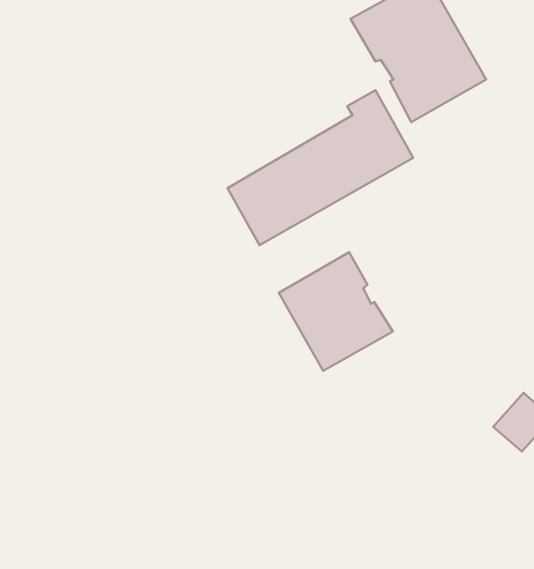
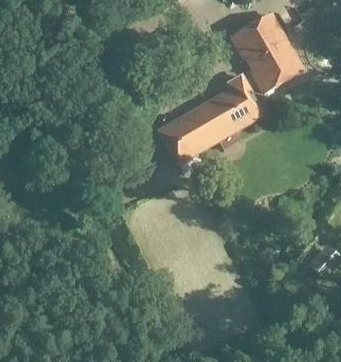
building: [279,252,393,371] -> none

